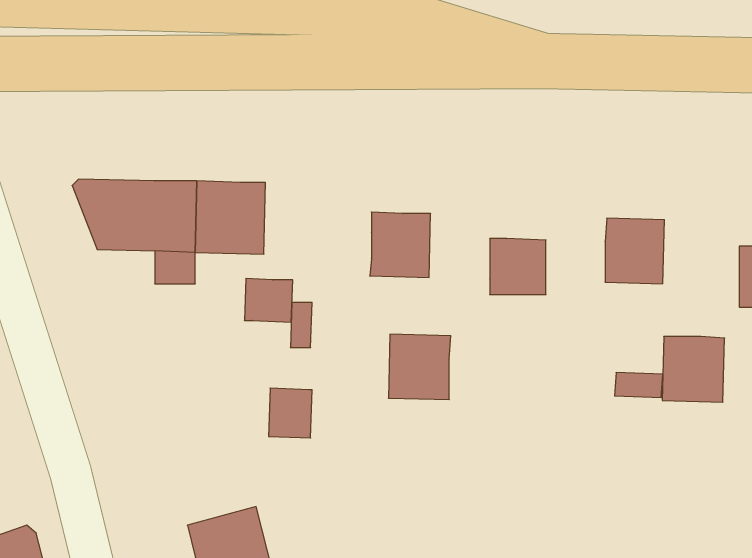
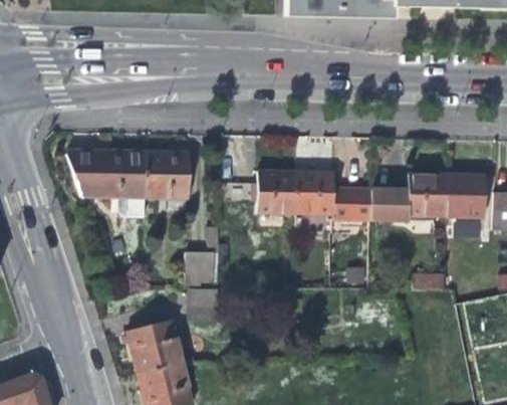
building: none -> [369,189,408,225]
building: [244,278,293,322] -> [187,257,218,285]
building: [388,334,451,400] -> [294,172,334,214]
building: [662,337,725,402] -> [445,176,485,218]
building: none -> [128,319,183,373]

